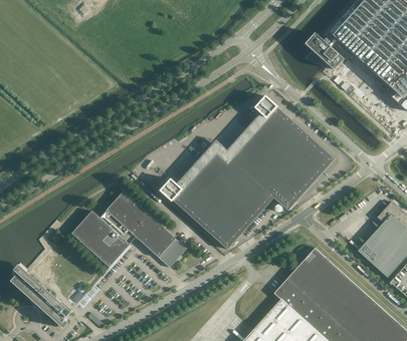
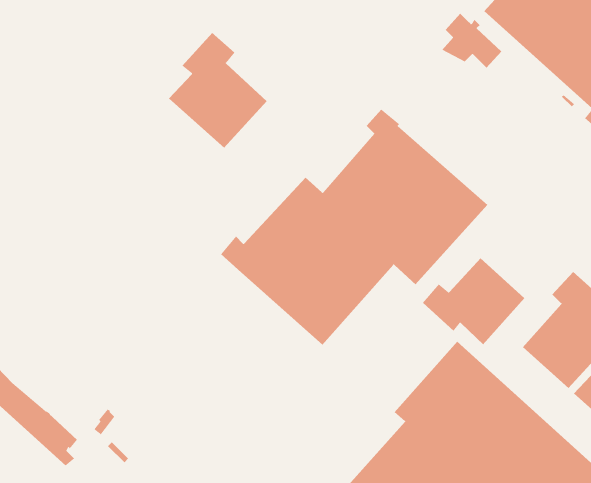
building: none -> [168,32,268,149]
building: [71,192,186,268] -> none
building: none -> [422,257,525,345]

